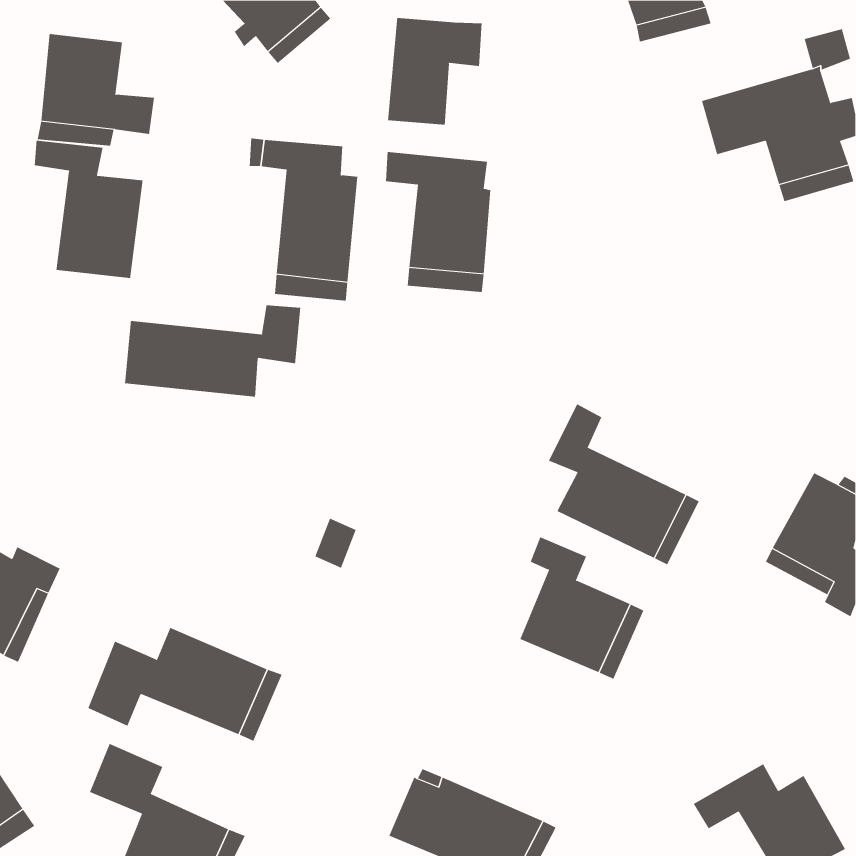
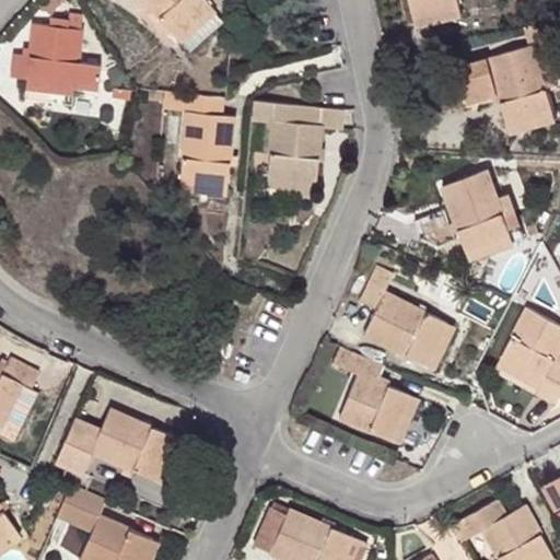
building: [387,17,482,125] -> none
building: [34,140,143,279] -> none
building: none -> [440,168,518,259]
building: [124,305,301,398] -> none

